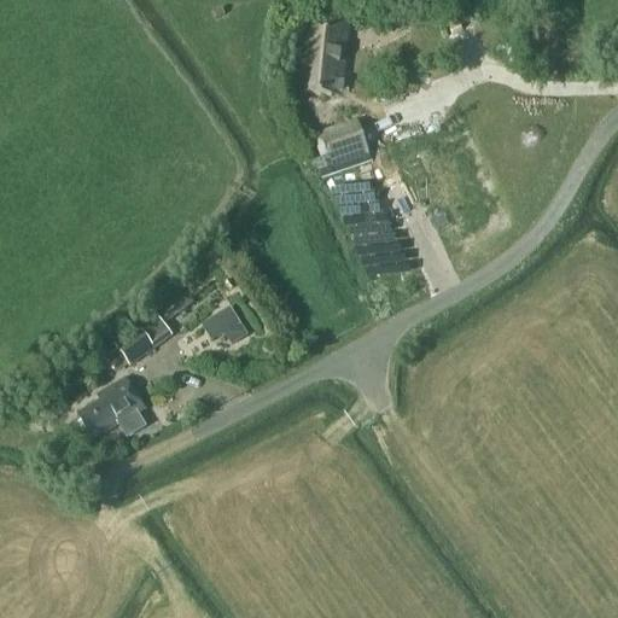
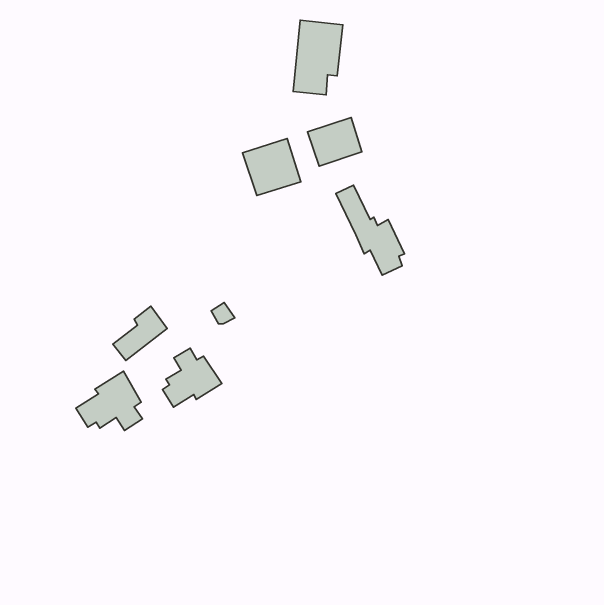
building: none -> [242,138,301,196]
building: none -> [162,348,222,407]

